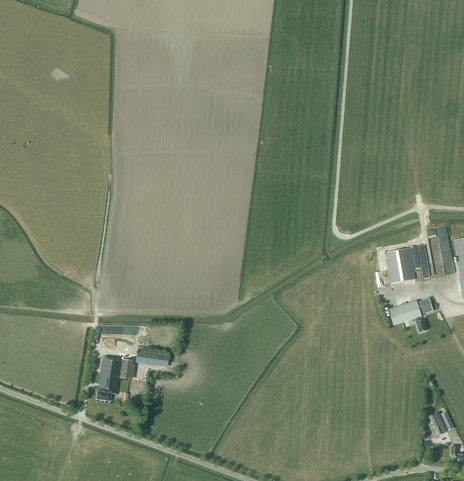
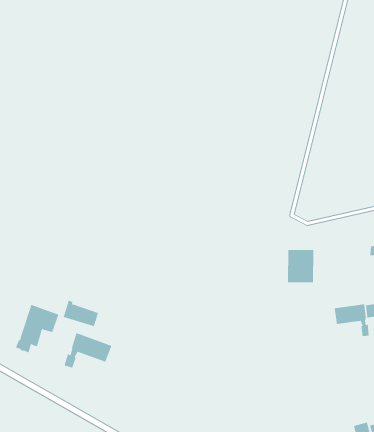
building: [385,248,415,283] -> [287,249,314,283]
building: none -> [64,332,112,369]

